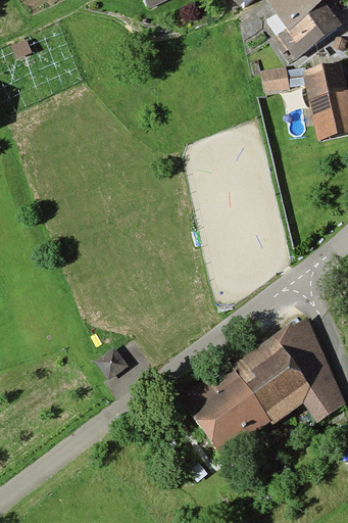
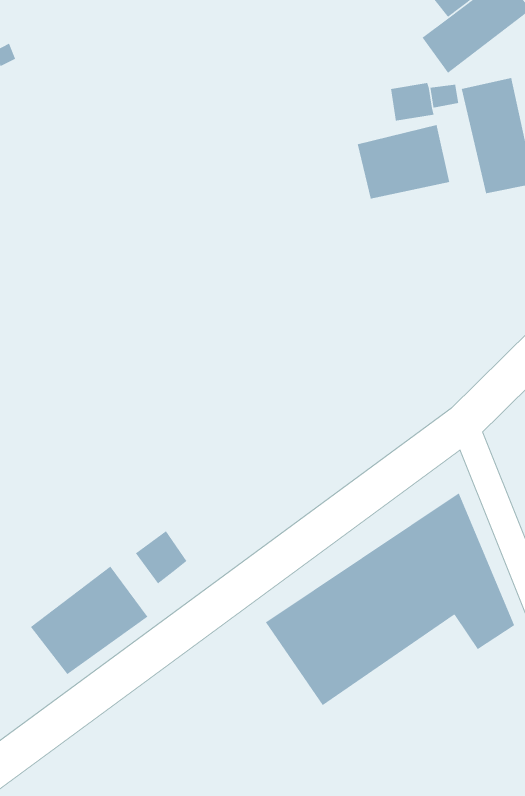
building: none -> [357,124,450,199]
building: none -> [30,566,148,675]

